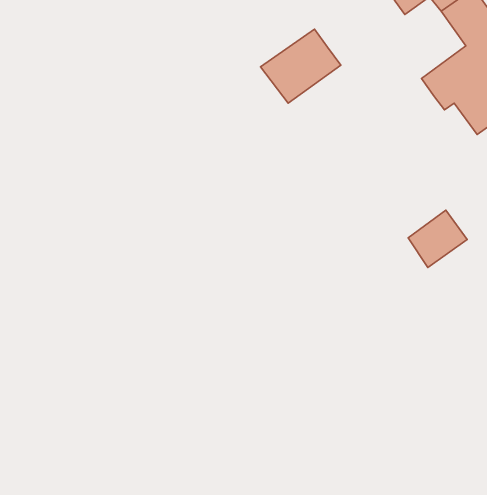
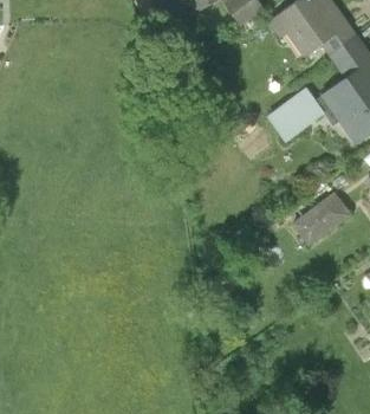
building: [260,29,341,103] -> [268,86,326,140]

